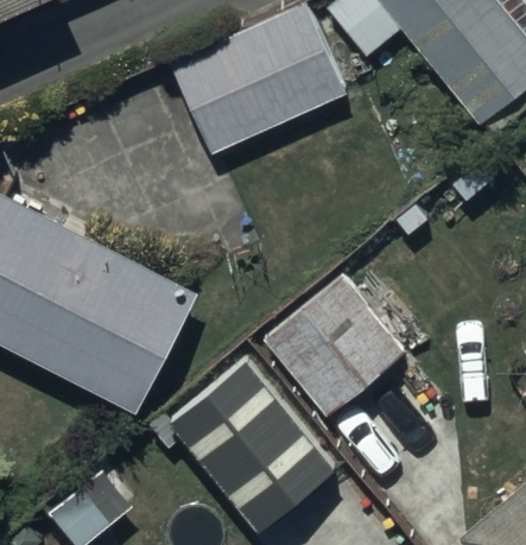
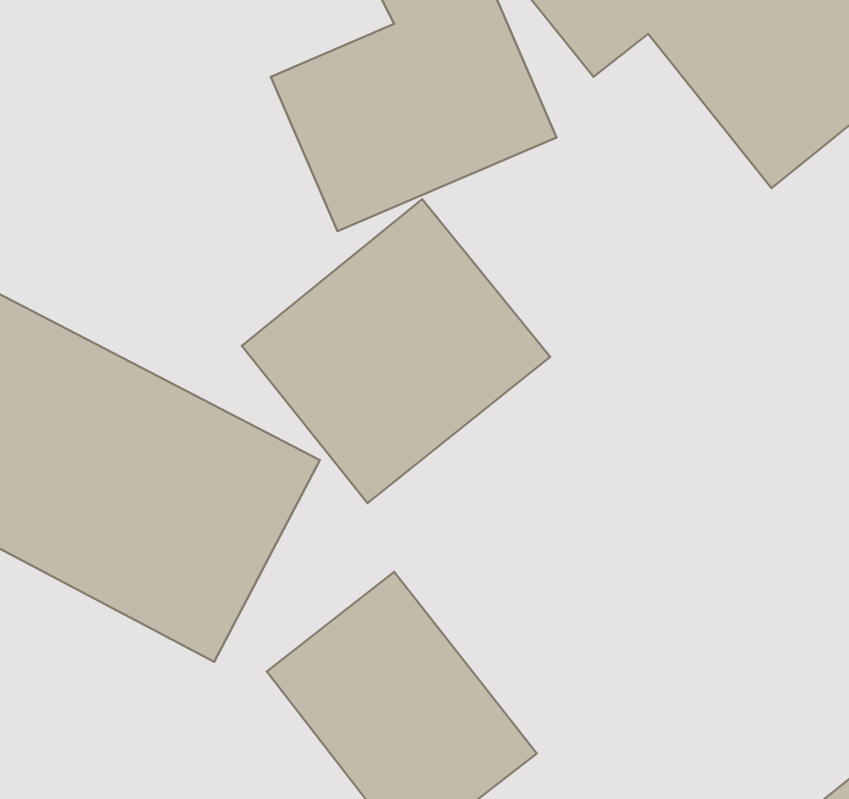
building: none -> [242,199,550,503]
building: [264,277,406,418] -> none

